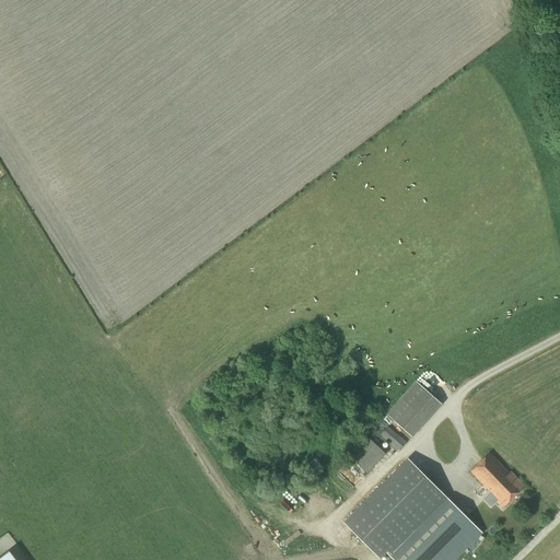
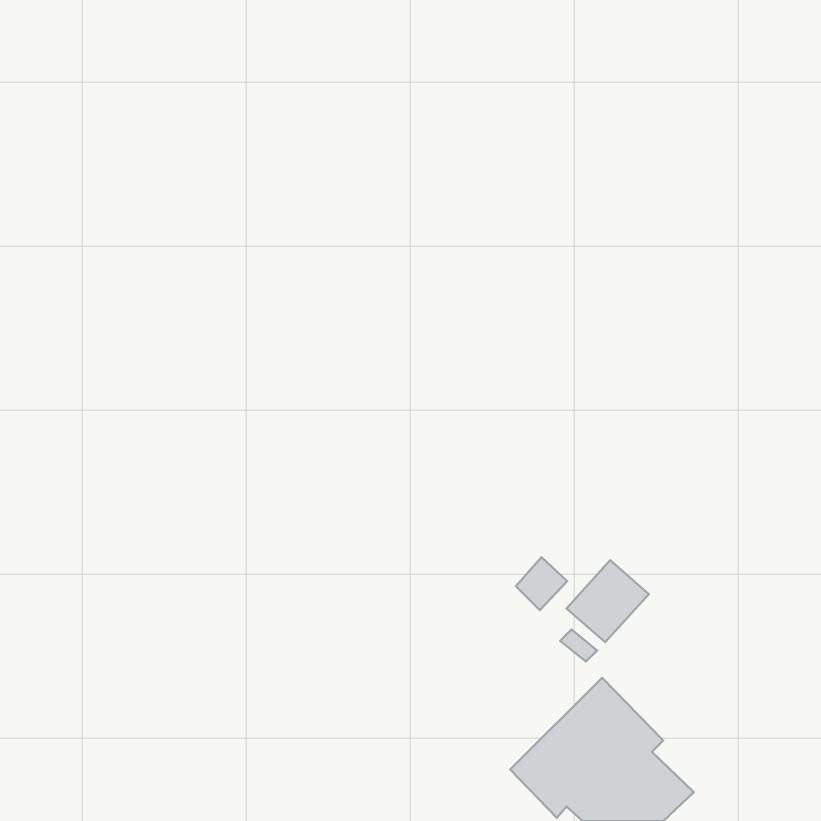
building: [351,438,386,474] -> [516,557,567,610]
building: [471,453,526,509] -> none

